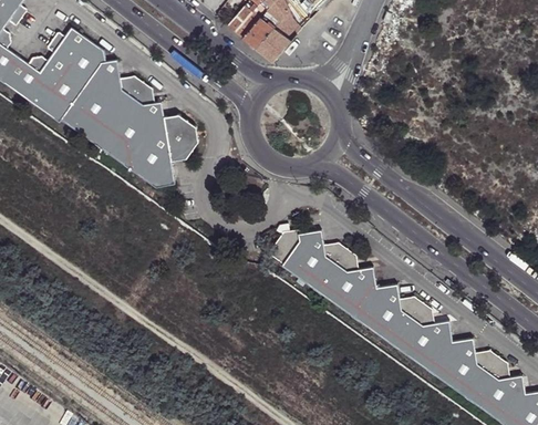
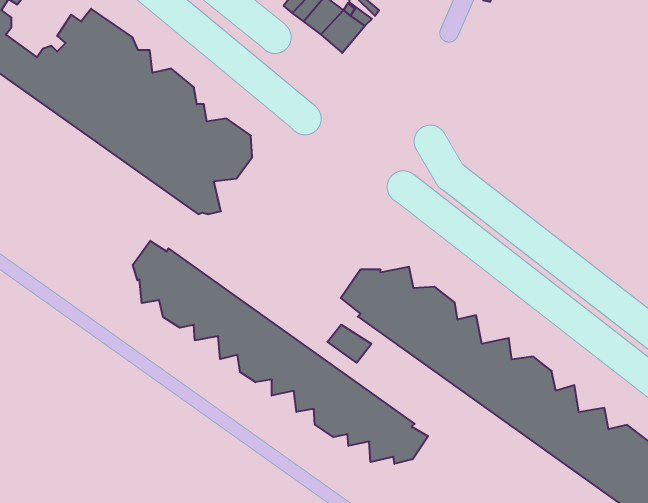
building: none -> [133,241,428,464]
building: none -> [327,325,371,363]

